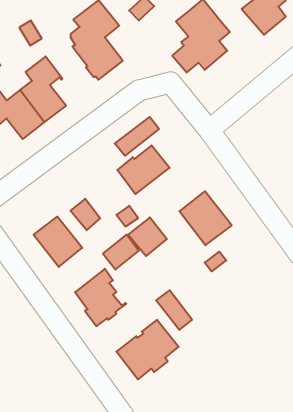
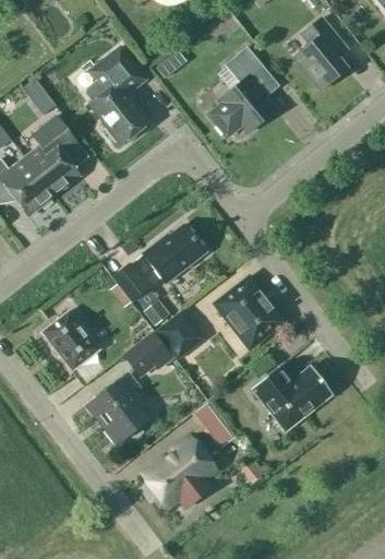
building: [115,117,159,156] -> none
building: [71,199,100,230] -> [112,263,148,301]
building: none -> [251,366,333,431]

